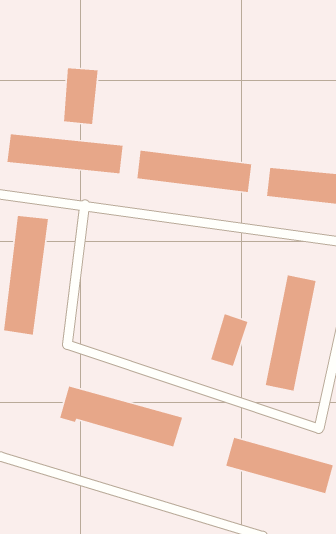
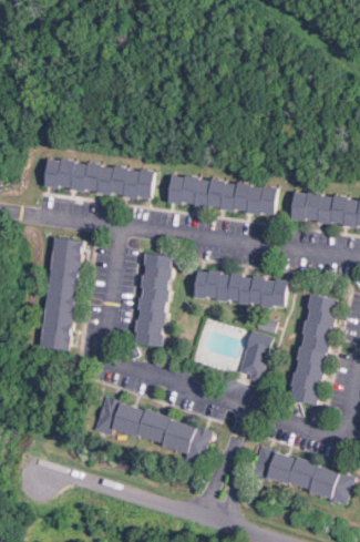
building: [63,67,99,125] -> none
building: none -> [135,253,172,347]
building: none -> [194,270,287,307]

